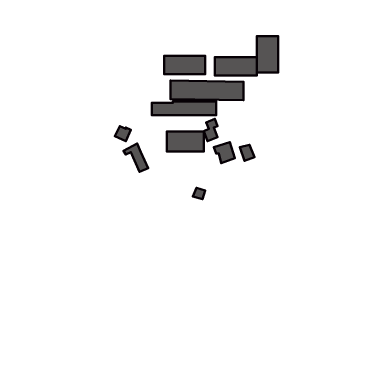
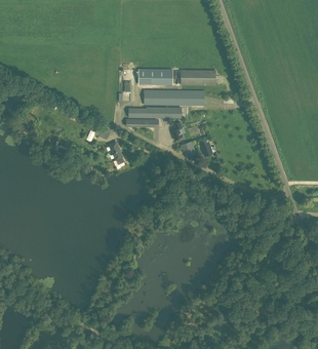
building: [257,36,278,73] -> none
building: [167,132,204,152] -> none

